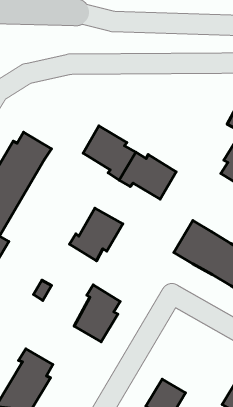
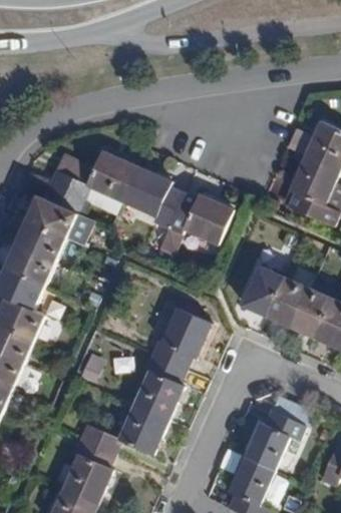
building: none -> [48,150,136,200]
building: [70,208,123,261] -> [150,309,211,371]
building: none -> [79,406,167,455]
building: none -> [245,410,306,470]

